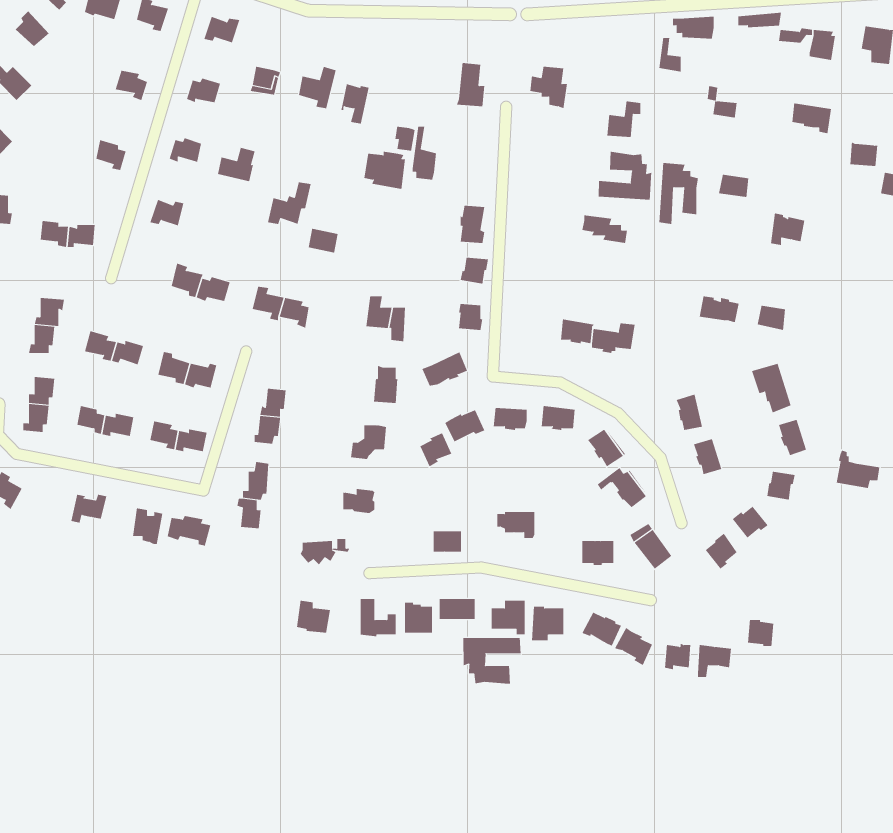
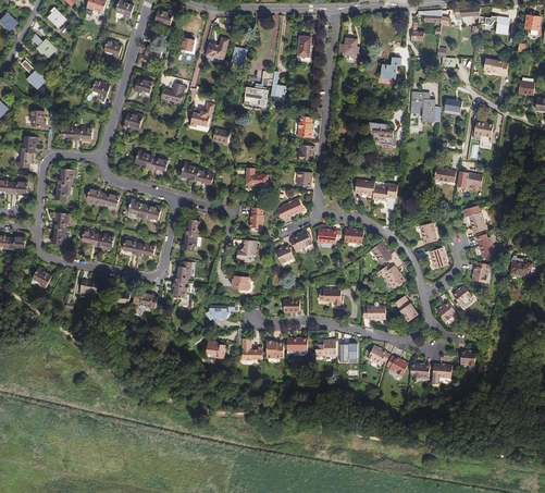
building: [598,151,652,200] -> none
building: [463,637,521,685] -> none

